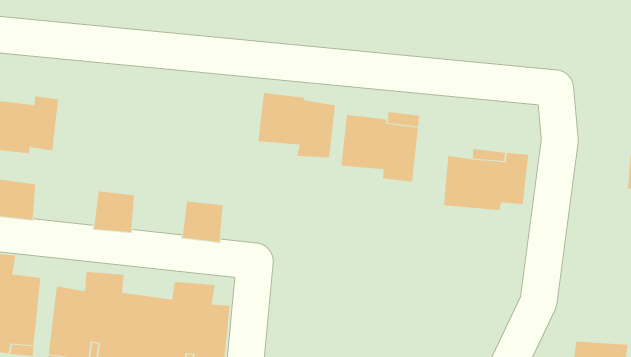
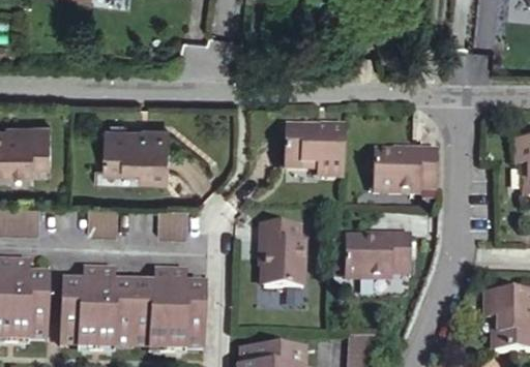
building: [258,93,336,158] -> [111,130,171,179]
building: none -> [258,221,302,289]
building: none -> [345,233,411,278]

